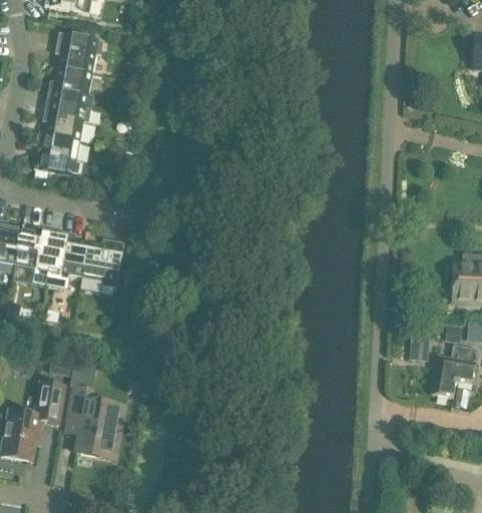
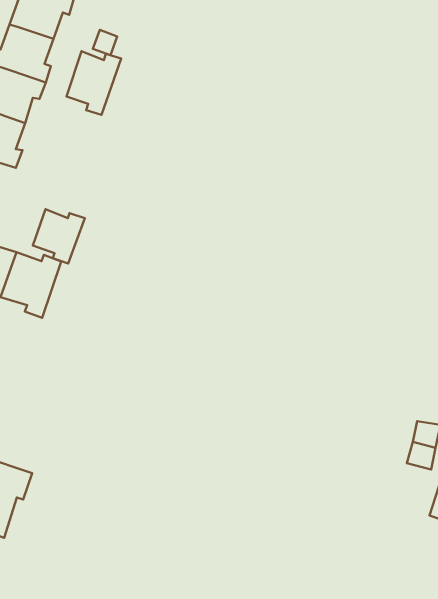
building: none -> [66,51,121,115]
building: none -> [33,209,85,263]

